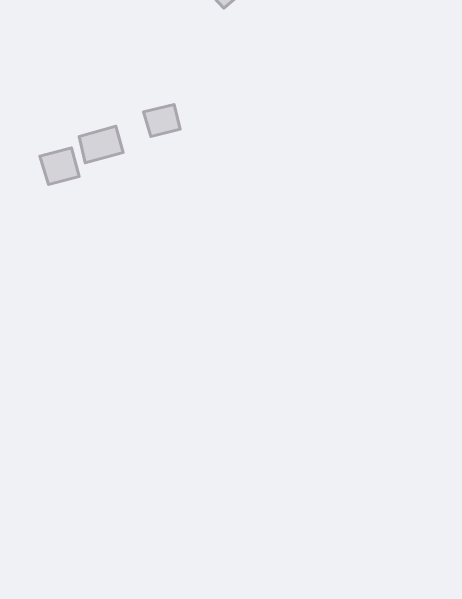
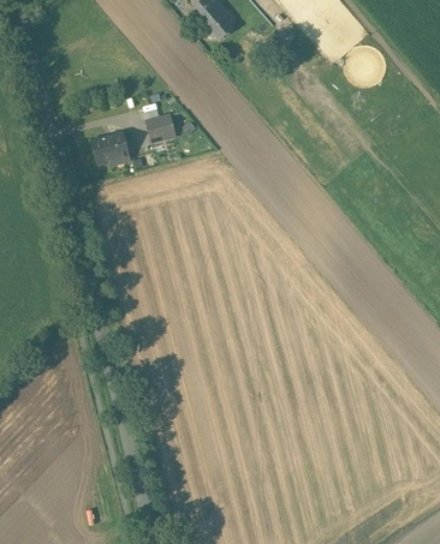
building: [40,148,79,184] -> none

